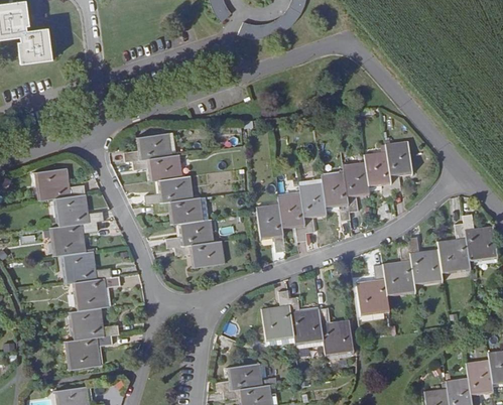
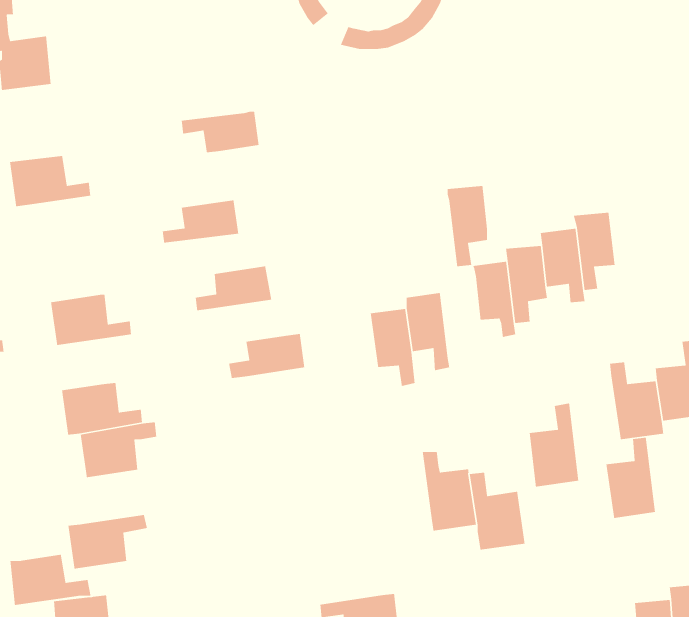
building: [132,154,182,181] -> [181,111,260,153]
building: [32,167,85,200] -> [9,155,91,207]
building: [300,182,327,235] -> [447,185,488,267]
building: [153,197,204,225] -> none
building: [47,221,98,256] -> none
building: [176,240,225,268] -> none
building: [384,246,416,298] -> [605,437,656,519]
building: [262,289,295,343] -> none
building: [68,307,120,341] -> [9,554,91,606]
building: [215,362,264,393] -> none

